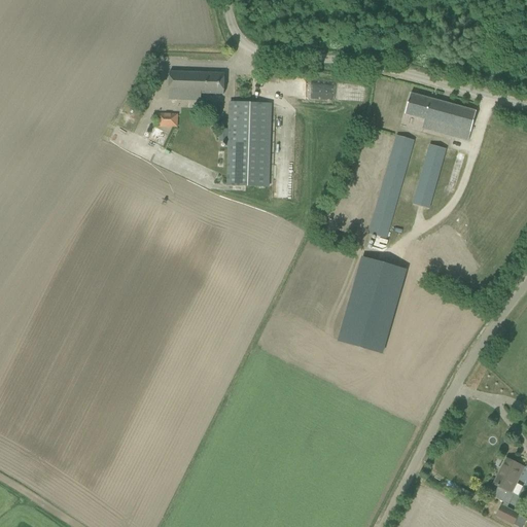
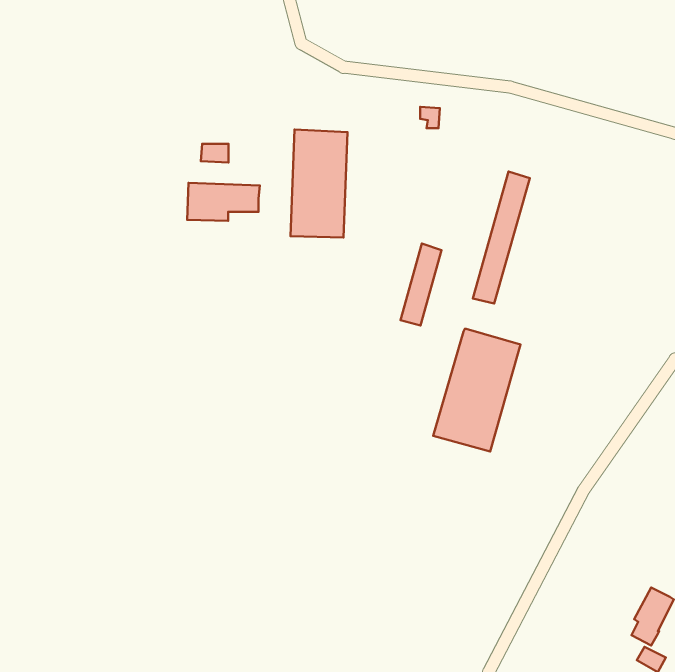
building: [168,70,224,100] -> [187,183,260,221]
building: [405,93,476,139] -> none
building: [413,143,445,207] -> [401,243,442,325]

